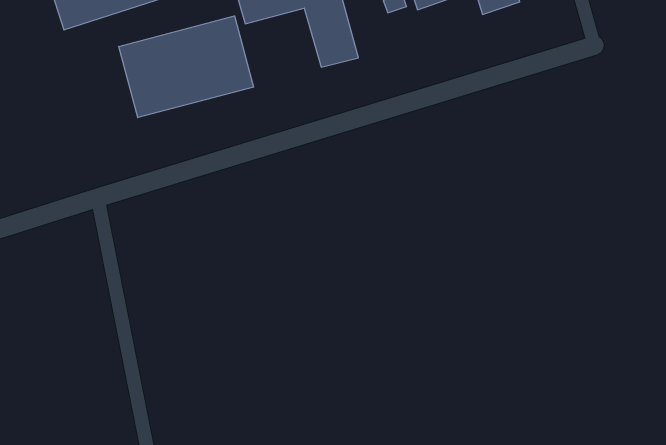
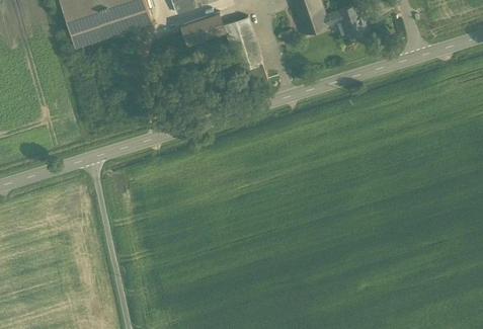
building: [119,16,254,118] -> none

